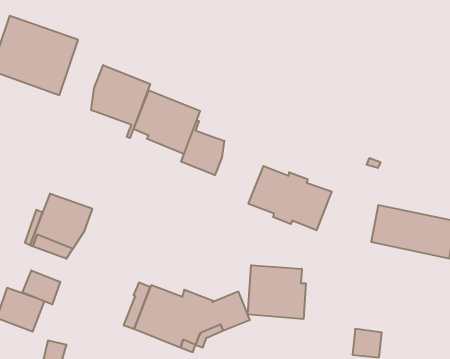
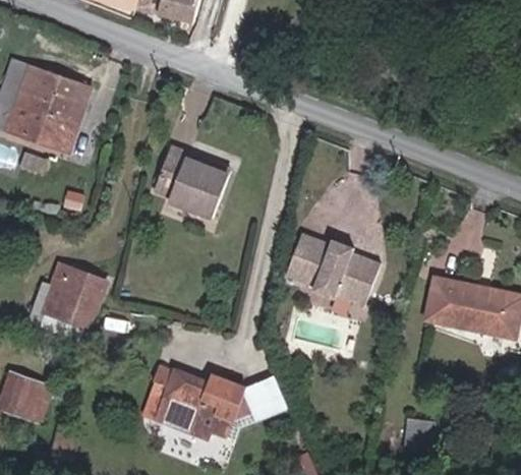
building: [91,65,150,138] -> none
building: [181,120,224,175] -> none
building: [248,265,306,319] -> none
building: [22,270,60,304] -> none

